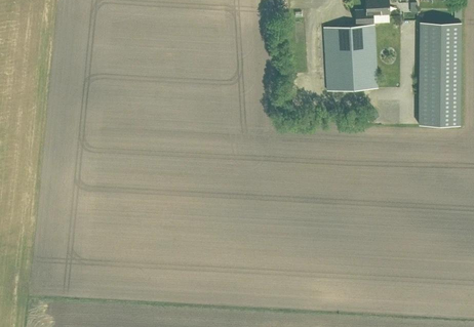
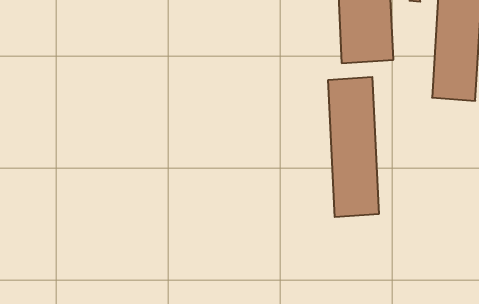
building: none -> [328,77,379,217]

